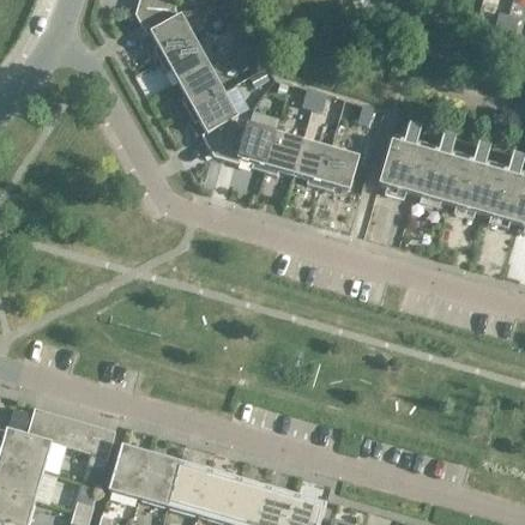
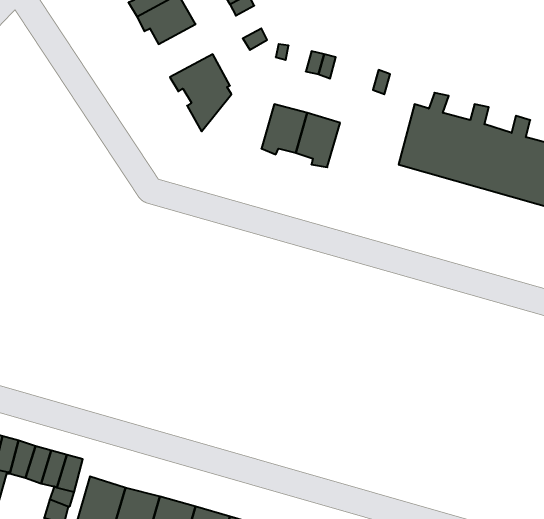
building: [179,66,224,110] -> none
building: [215,123,276,170] -> none
building: [320,149,360,191] -> none

